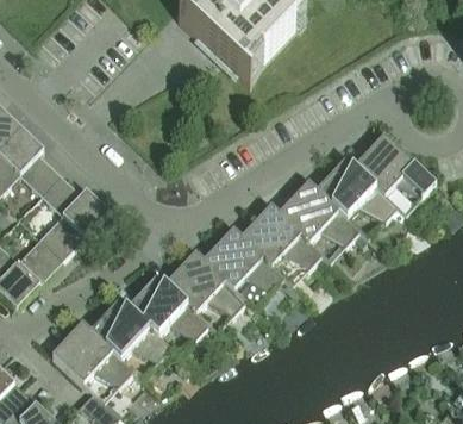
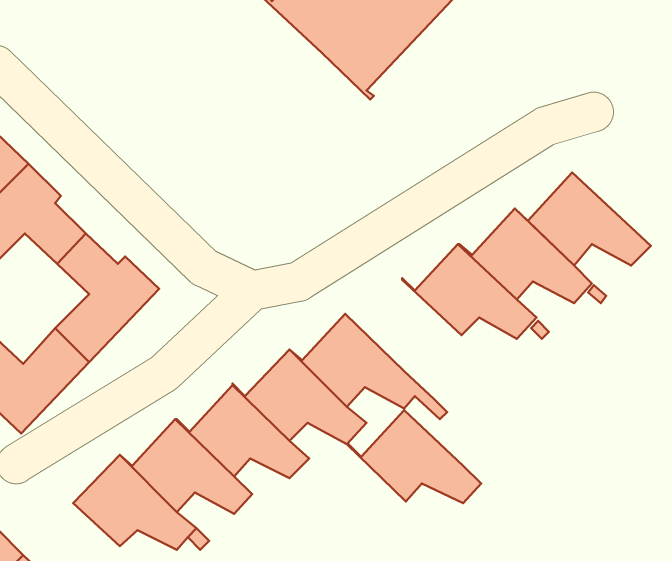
building: [232,205,321,267] -> [347,410,481,503]

